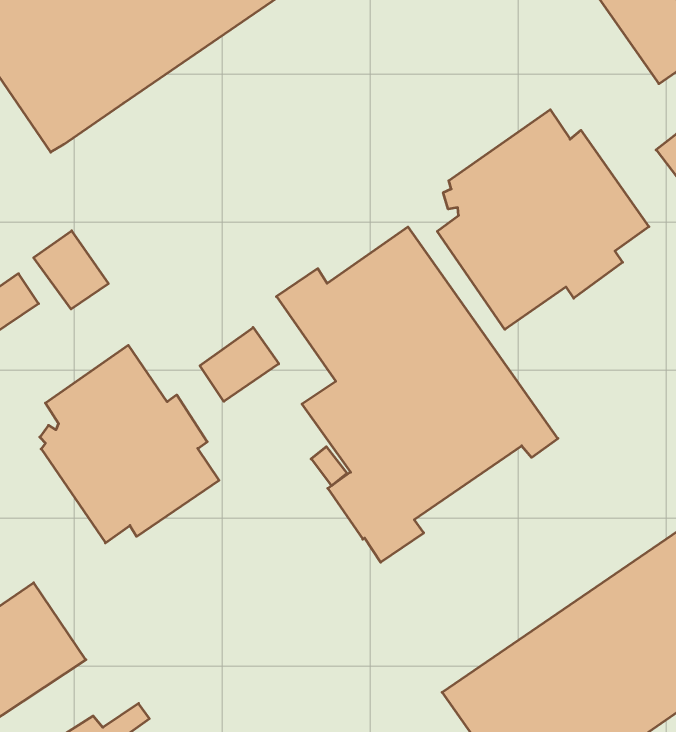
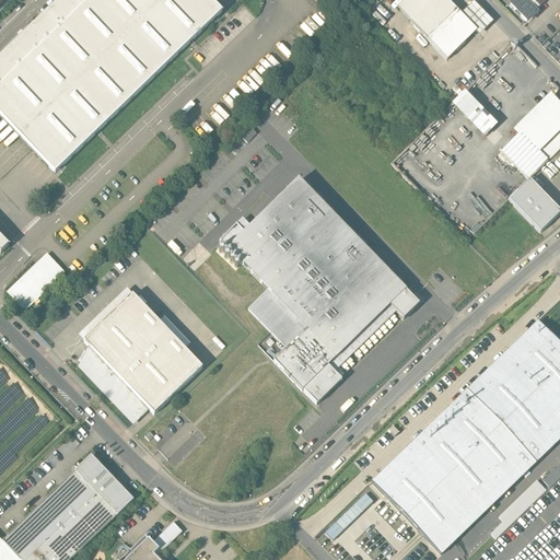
building: [437,110,649,329] -> none
building: [34,231,108,309] -> none
building: [200,327,279,401] -> none

